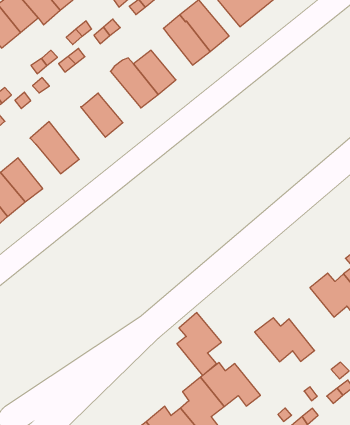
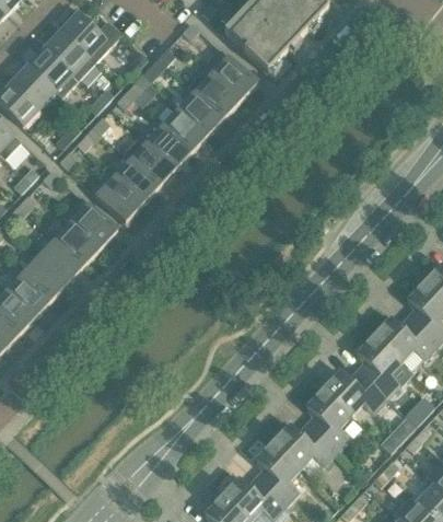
building: none -> [177,92,222,137]
building: none -> [121,137,174,188]
building: none -> [89,171,141,223]
building: none -> [54,222,100,267]
building: none -> [355,335,401,399]
building: [177,313,221,376] -> [305,388,351,453]

